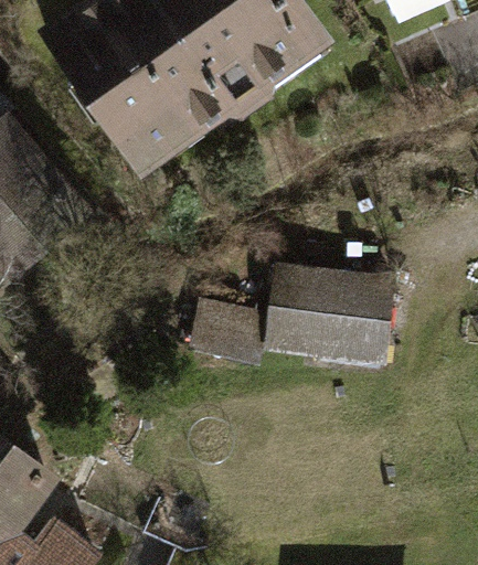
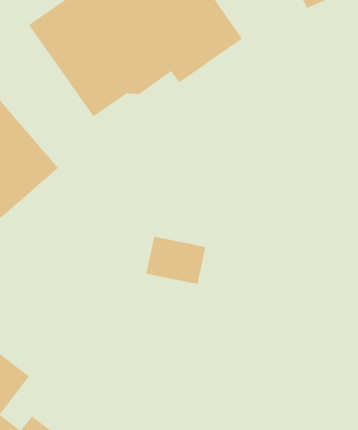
building: [273,276,392,364] -> none

